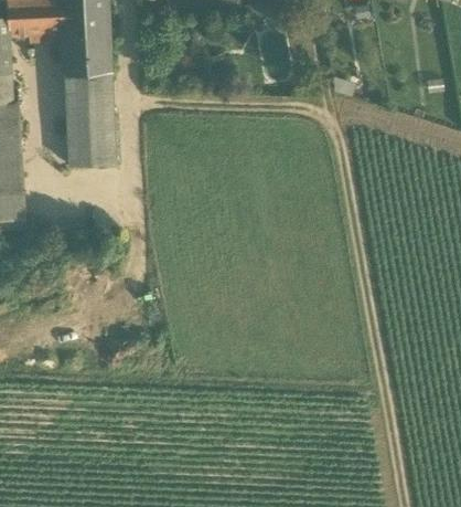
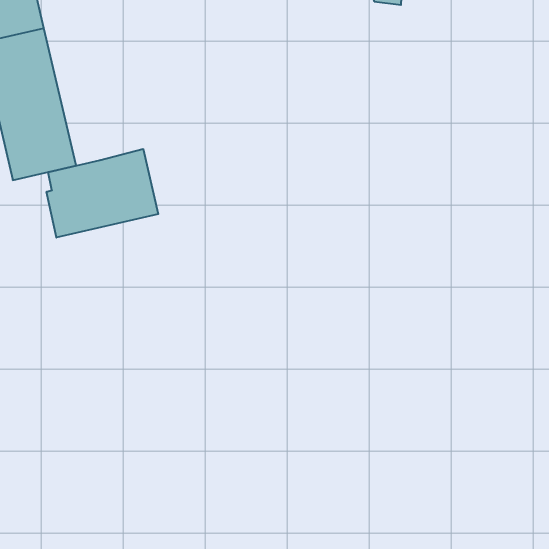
building: none -> [47,149,158,238]

